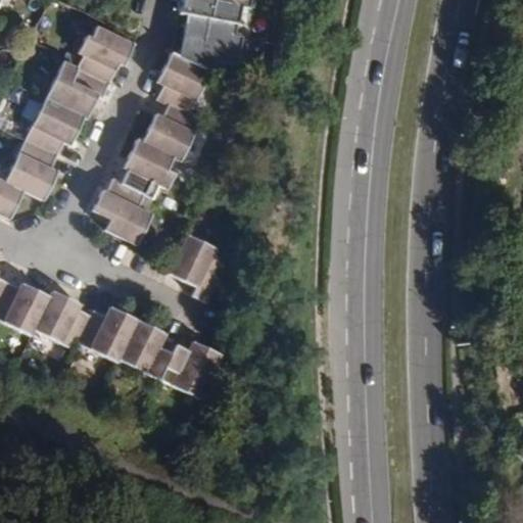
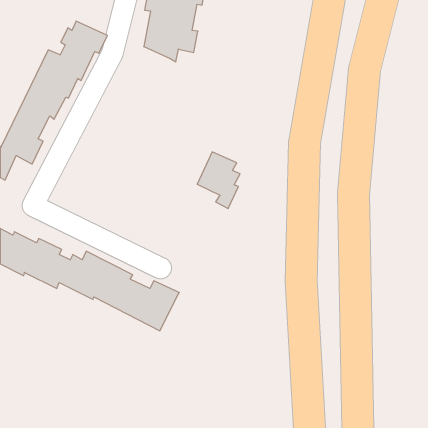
building: [92,52,210,244] -> none
building: [168,234,220,302] -> [197,152,240,209]

